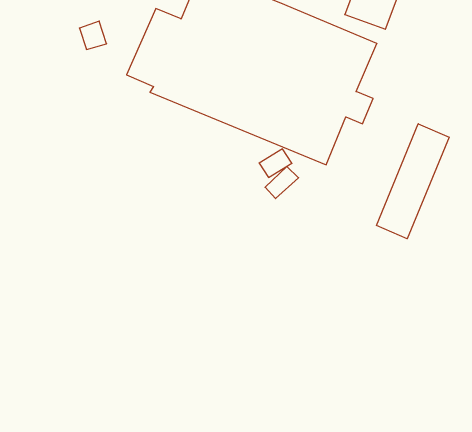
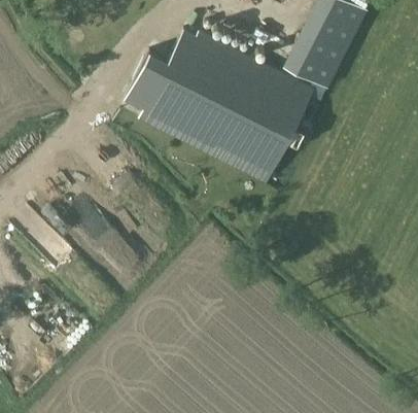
building: [376,124,449,239] -> none

